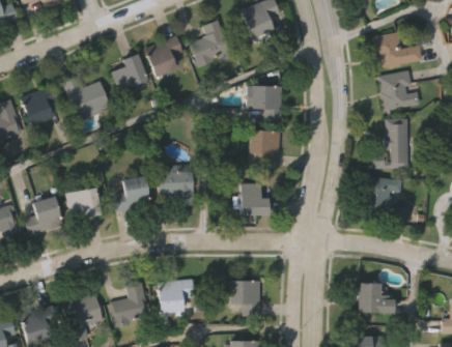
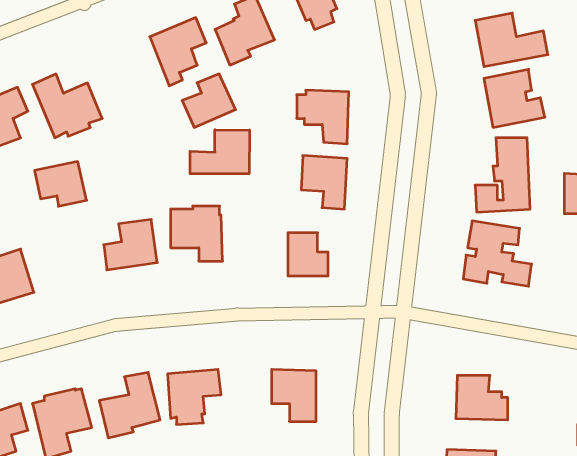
building: [111,54,148,91] -> [182,74,236,127]
building: none -> [190,130,249,174]
building: [65,186,102,218] -> [35,162,87,206]

